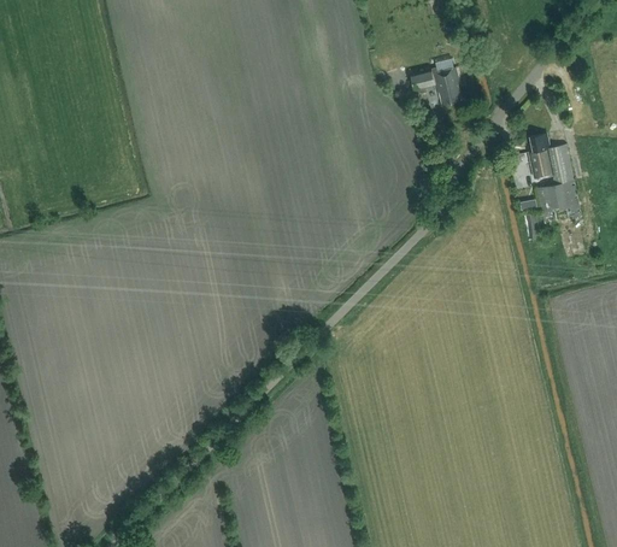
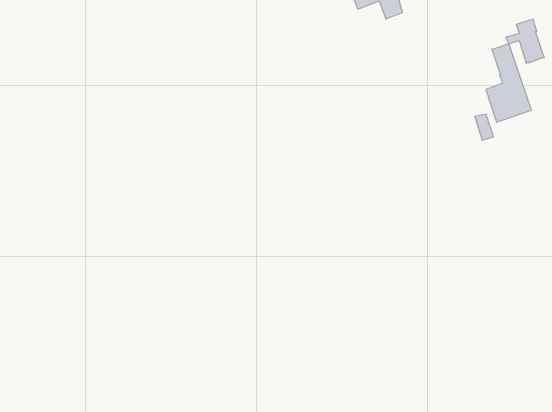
building: [517,134,554,178] -> [506,19,544,63]

